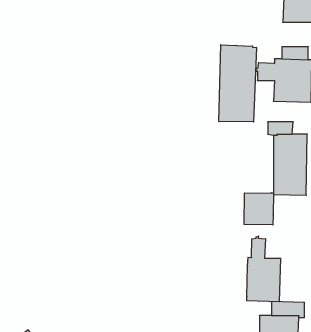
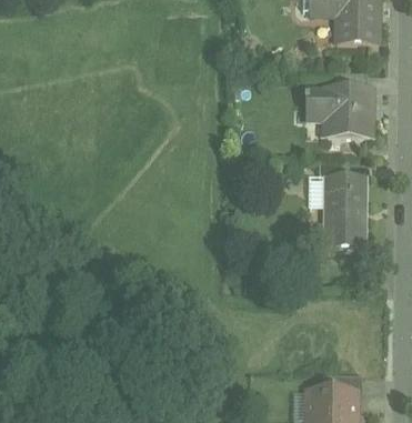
building: [219,45,256,122] -> none
building: [244,193,273,225] -> none
building: [247,236,281,302] -> none

